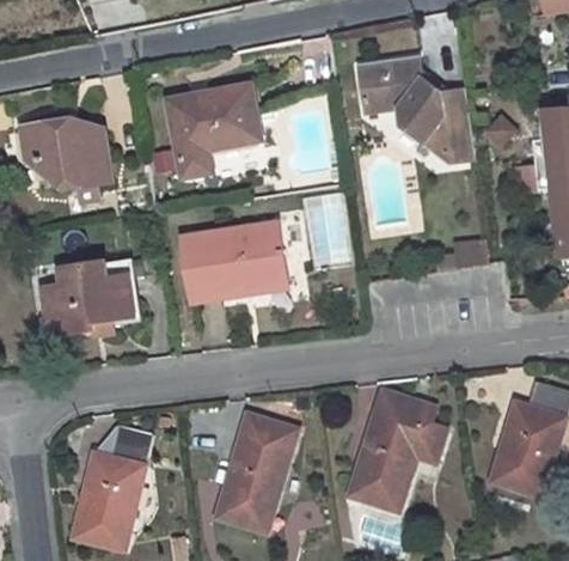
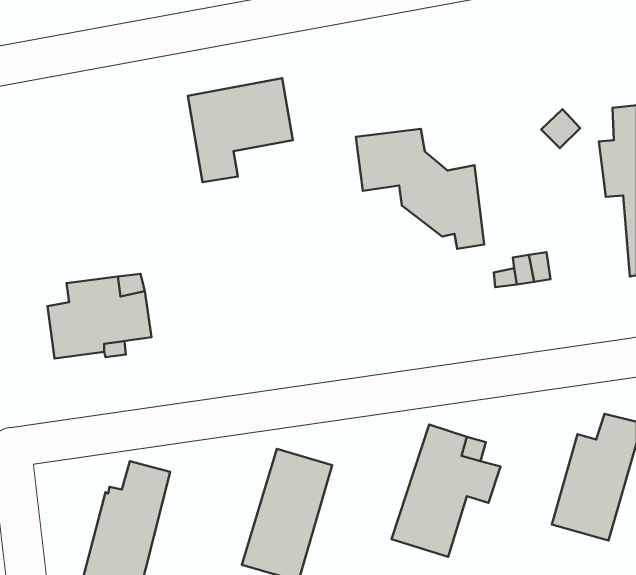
building: [361,55,475,161] -> [356,129,484,249]
building: [22,118,110,188] -> none
building: [183,222,286,294] -> none

